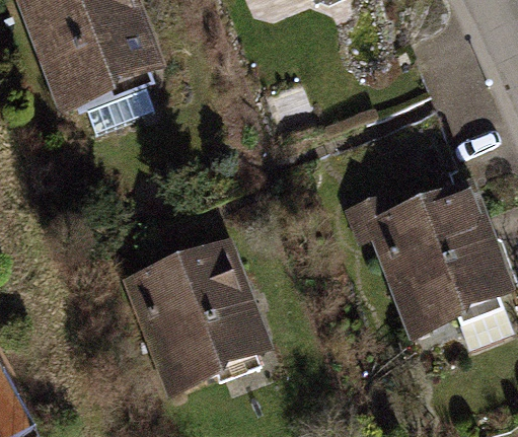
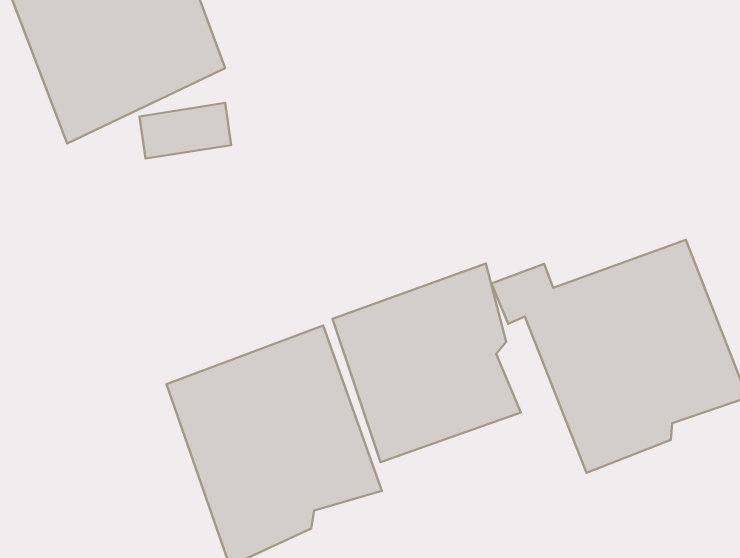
building: none -> [332,263,521,462]

